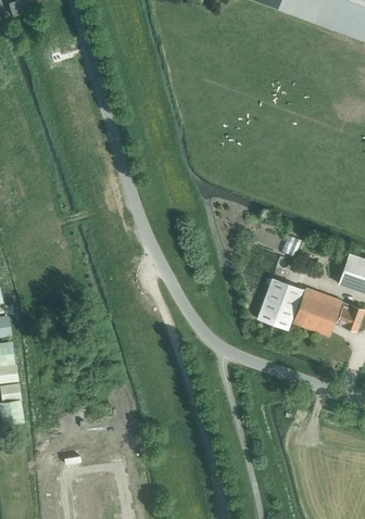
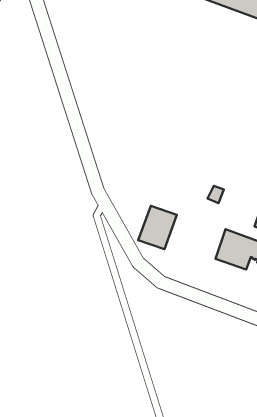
building: [255,277,302,329] -> [138,206,177,249]

